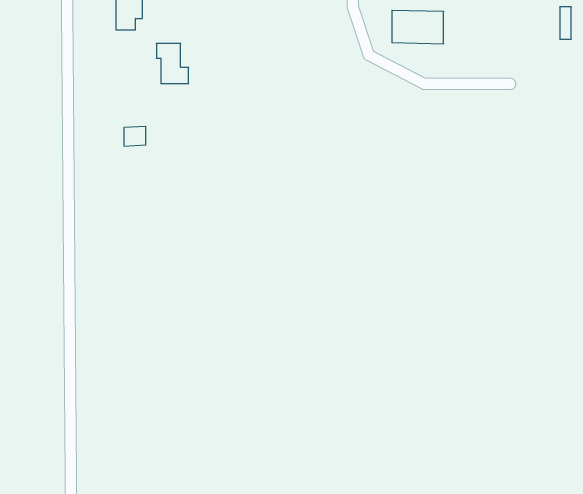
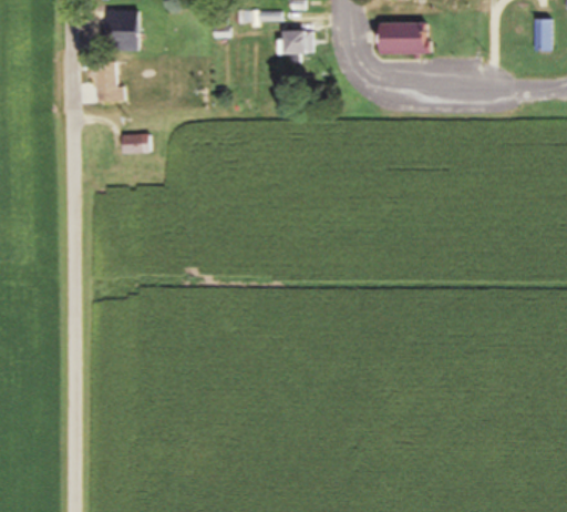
building: none -> [280,30,311,53]
building: [156,43,189,84] -> [92,62,123,101]

